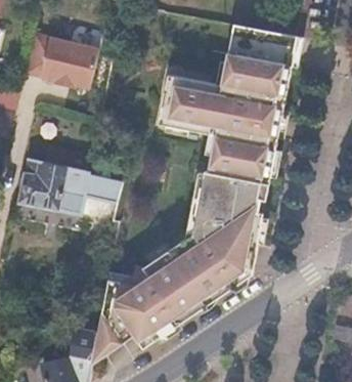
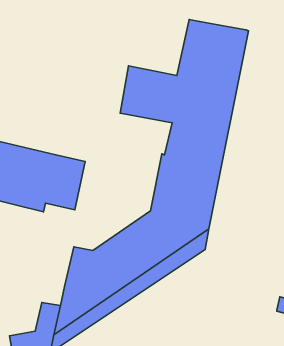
building: [44,34,106,88] -> none

